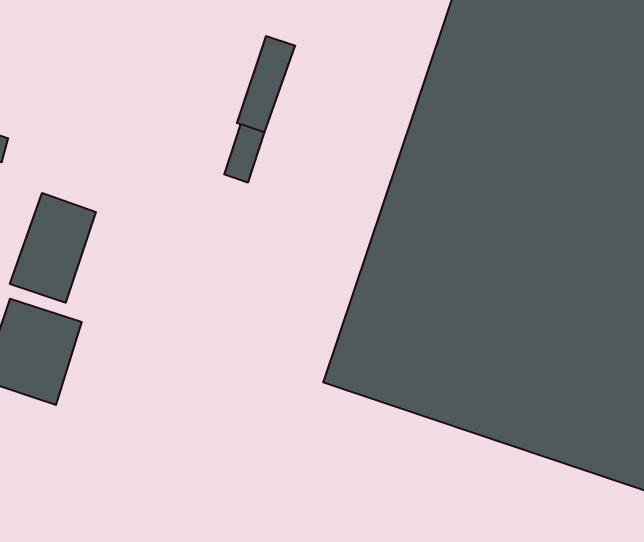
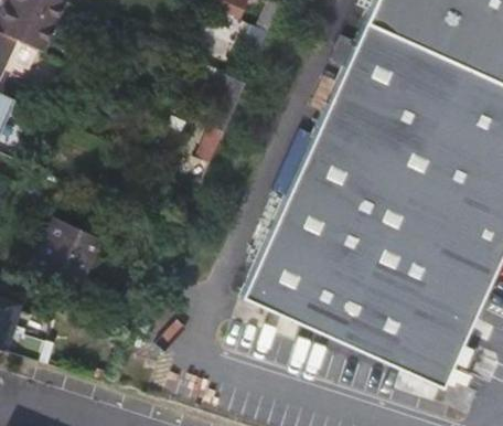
building: [10,193,96,303] -> none

